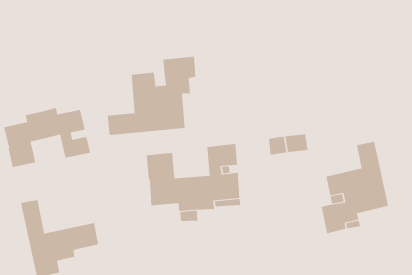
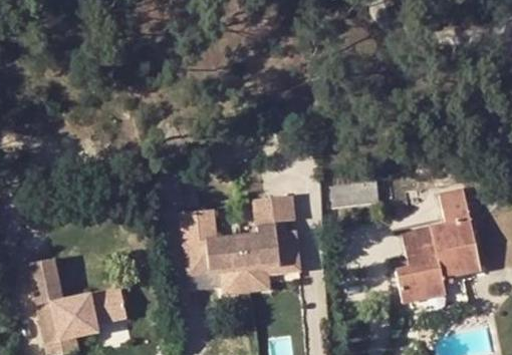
building: [107,56,196,136] -> none
building: [3,107,91,168] -> none

